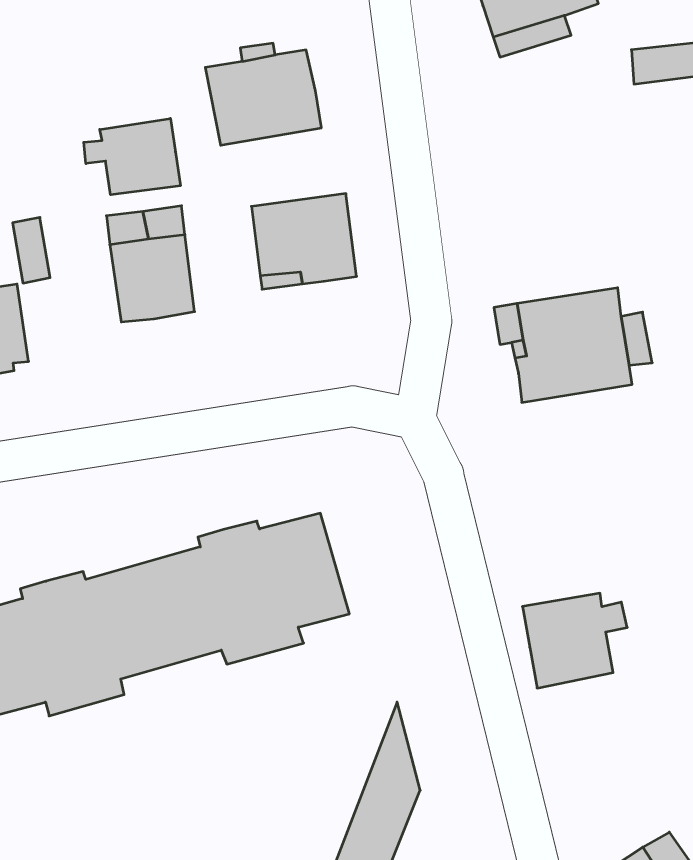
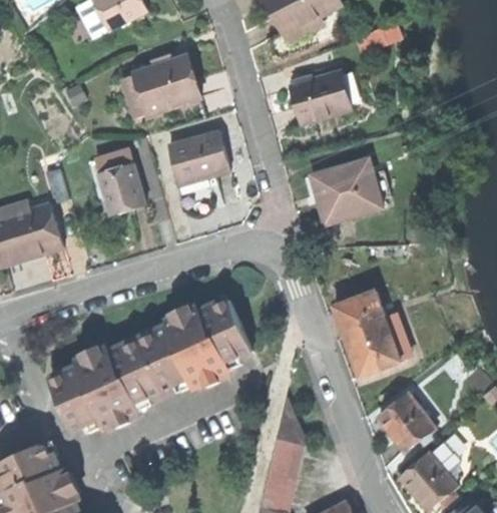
building: none -> [291,71,349,123]
building: [84,118,180,195] -> none
building: none -> [334,292,384,335]
building: none -> [373,393,433,453]

